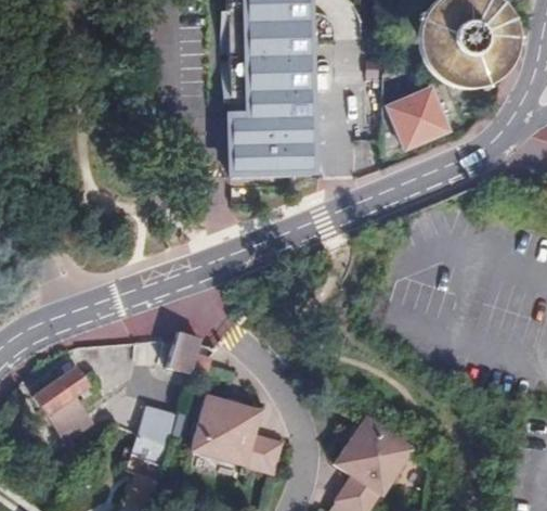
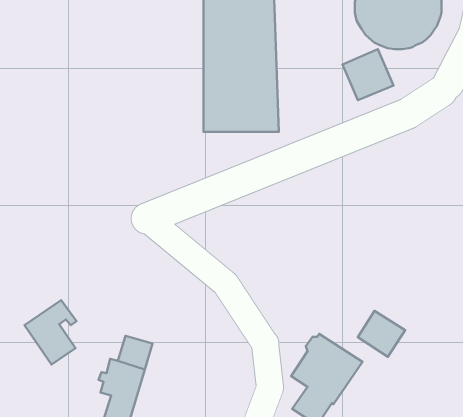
building: [167,334,201,378] -> none
building: none -> [358,311,405,357]
building: [190,389,282,468] -> none

